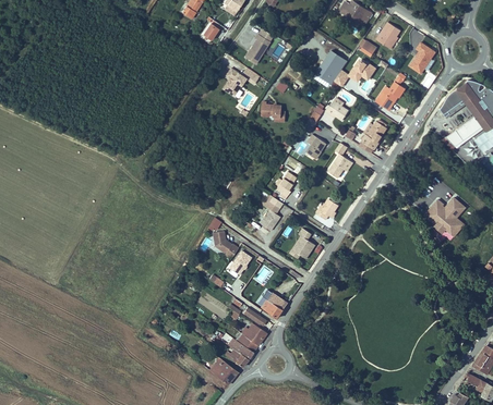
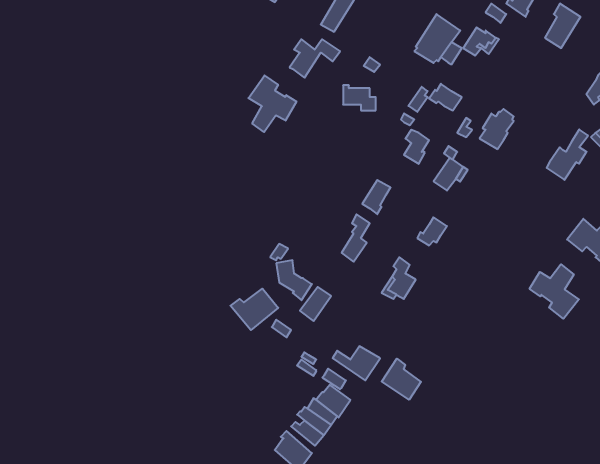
building: [375,73,406,110] -> [547,129,588,180]
building: none -> [248,75,296,132]
building: none -> [530,264,579,319]
building: none -> [230,289,278,330]
building: none -> [382,359,421,400]

